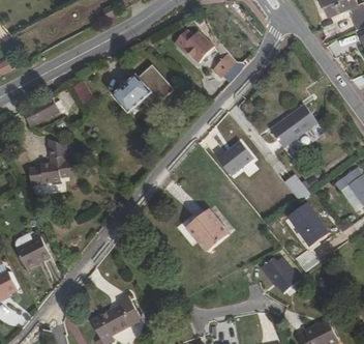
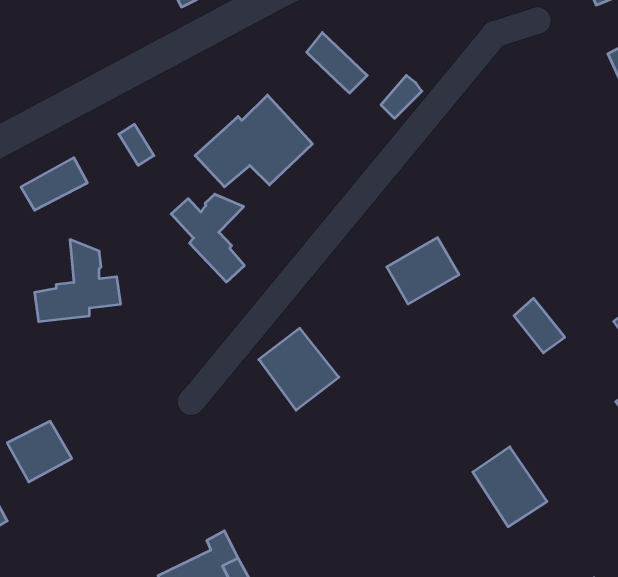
building: [268,101,317,150] -> none
building: none -> [171,194,244,282]
building: [285,200,331,248] -> none
building: [188,211,231,255] -> [259,328,339,410]

